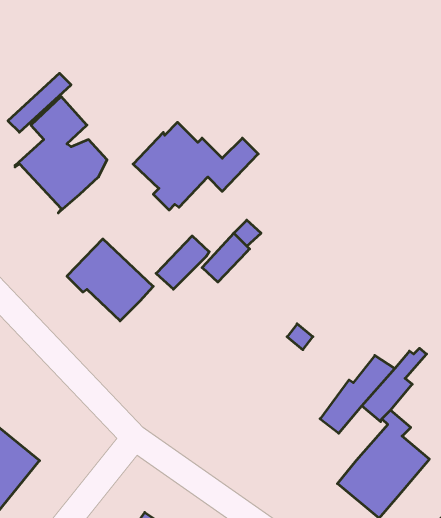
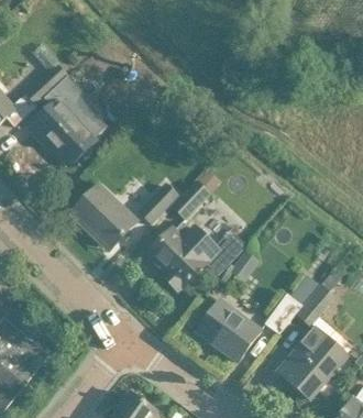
building: [133,122,258,210] -> [149,221,244,288]
building: none -> [196,299,261,361]

